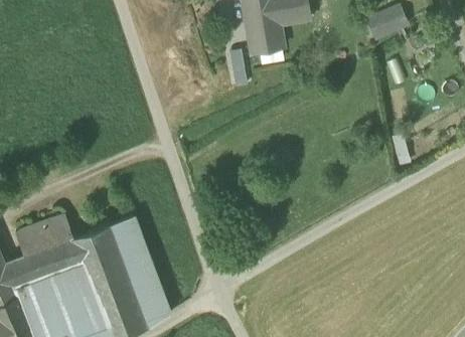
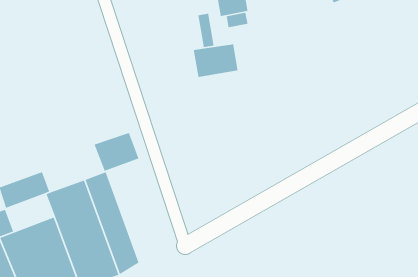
building: none -> [193,44,239,78]
building: none -> [94,132,139,172]
building: [27,239,79,280] -> none

